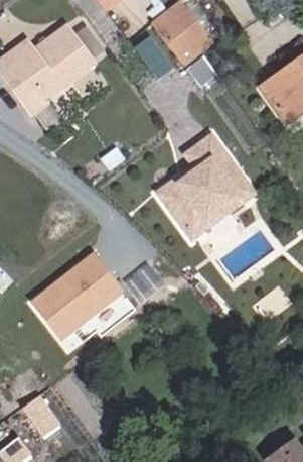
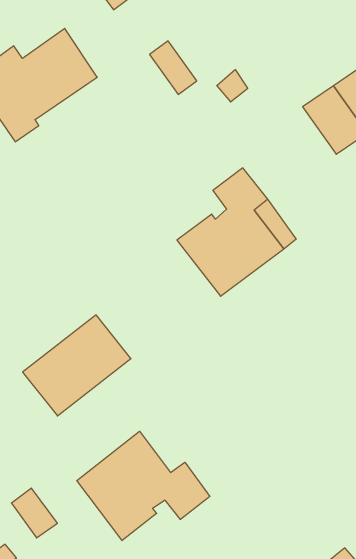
building: [156,9,204,62] -> none
building: none -> [77,431,210,541]

